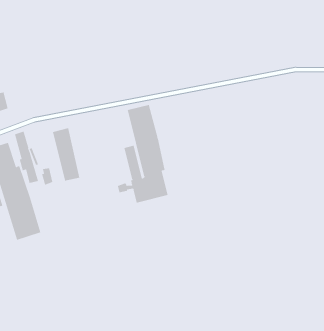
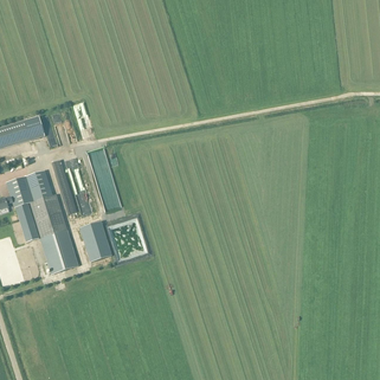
building: [117,104,168,204] -> none
building: none -> [80,221,111,262]

